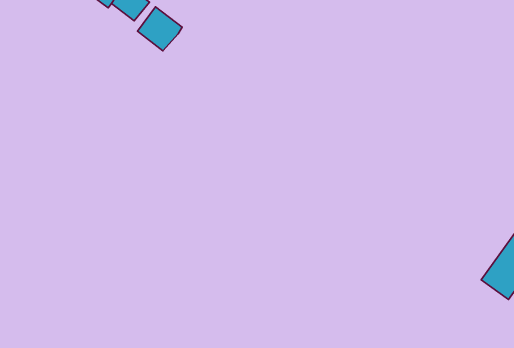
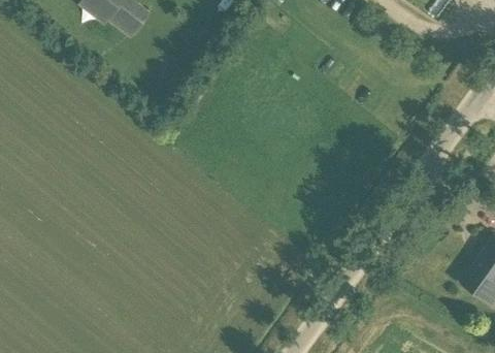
building: [138,7,182,51] -> none

